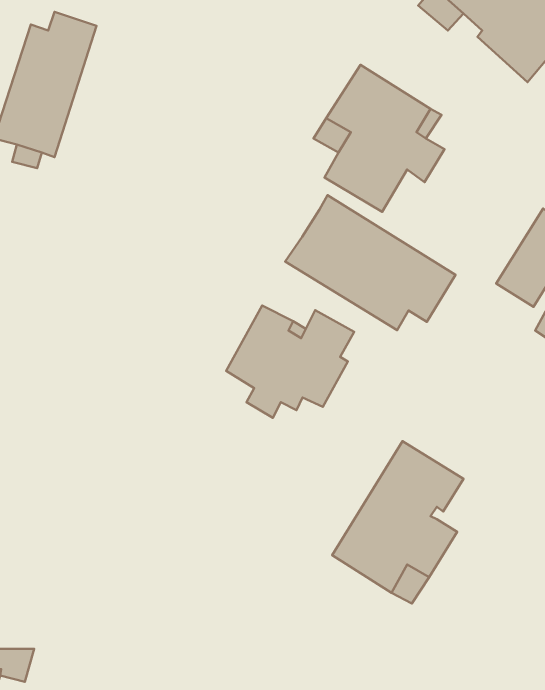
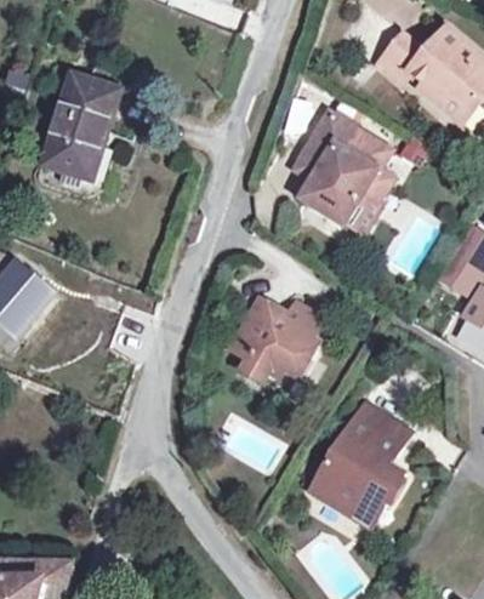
building: [285,195,456,330] -> none

